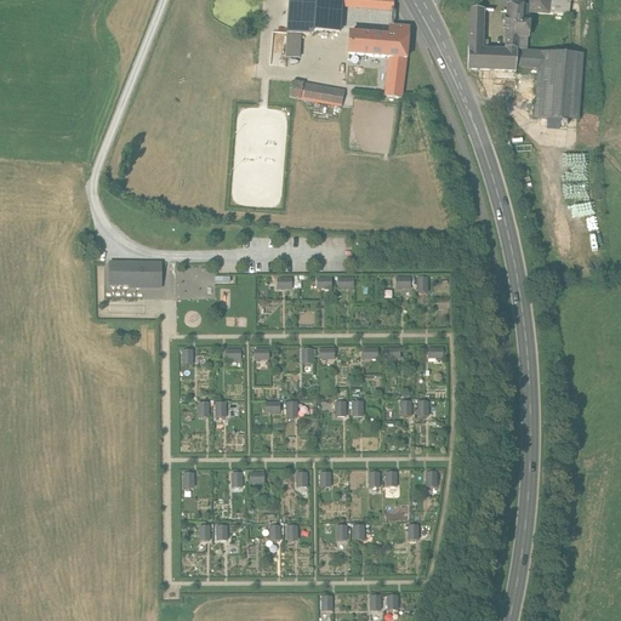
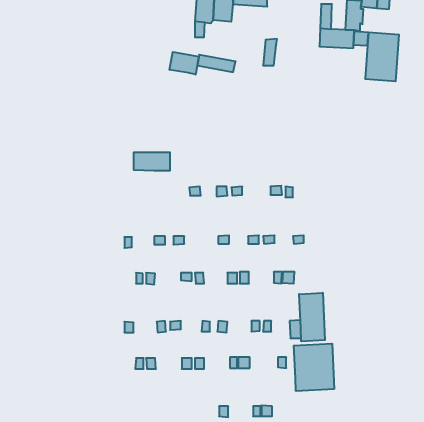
building: [346,24,409,58] -> none
building: none -> [170,52,199,75]
building: [109,262,163,289] -> [134,152,170,171]
building: none -> [299,293,325,341]
building: none -> [294,344,334,391]

